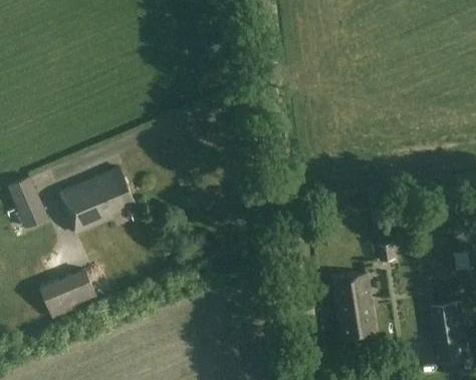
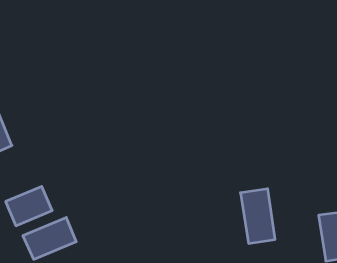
building: [59,166,136,233] -> none
building: none -> [23,217,76,259]

